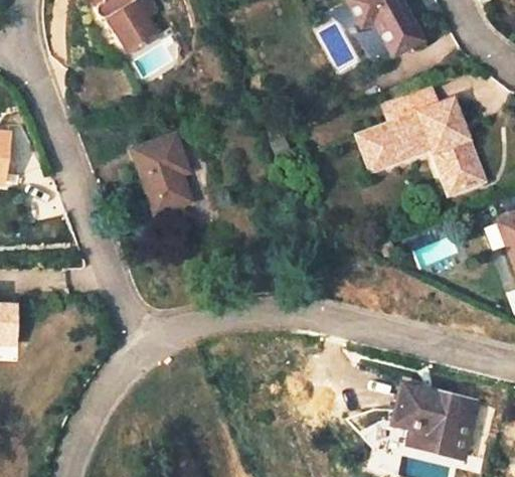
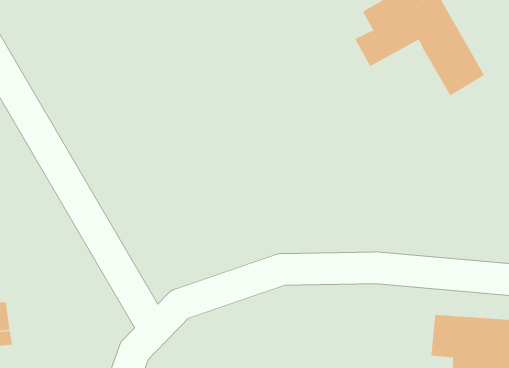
building: [357,129,431,171] -> none
building: [136,137,193,214] -> none

